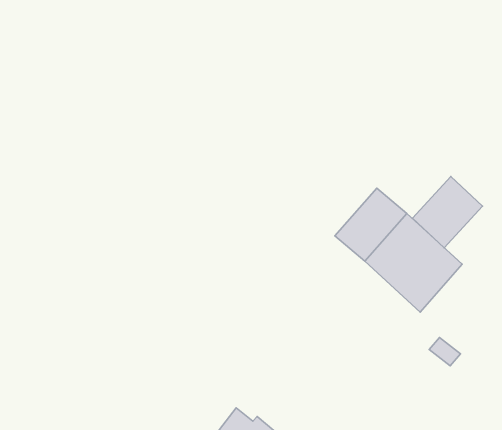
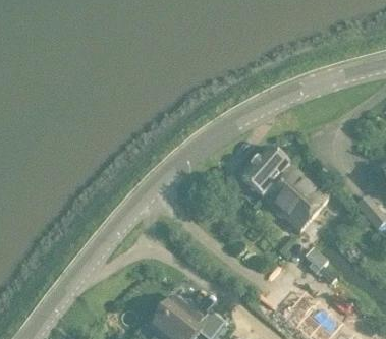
building: [412,176,482,248] -> none

